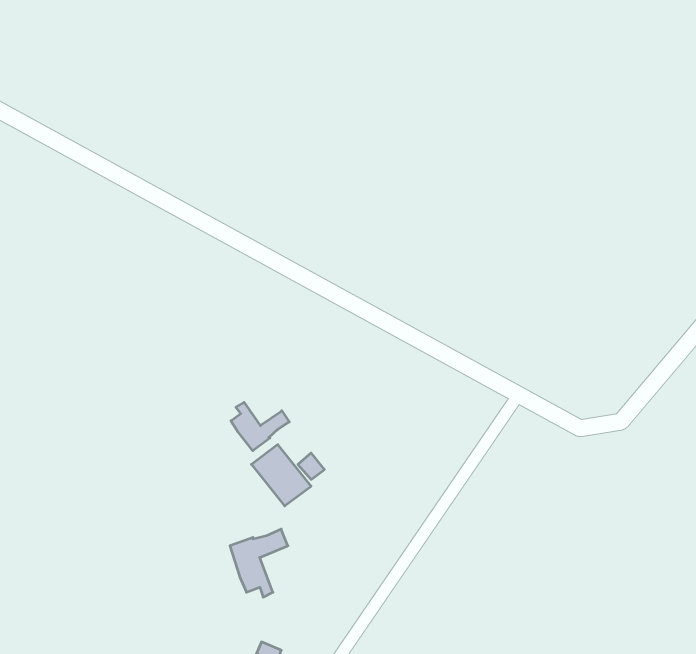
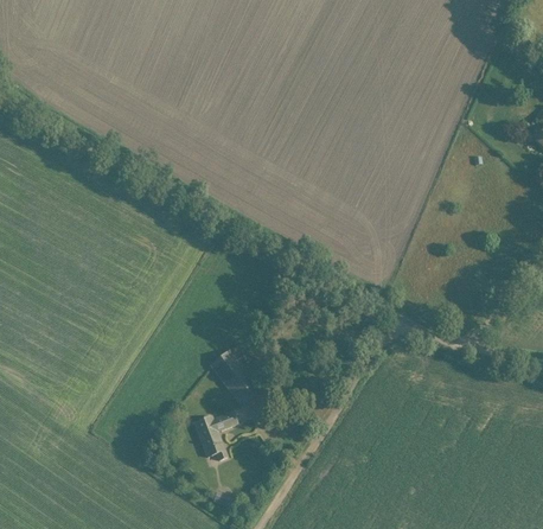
building: [231,402,289,451] -> none

